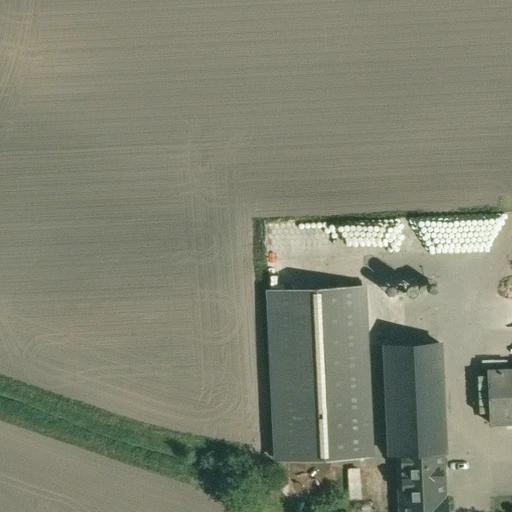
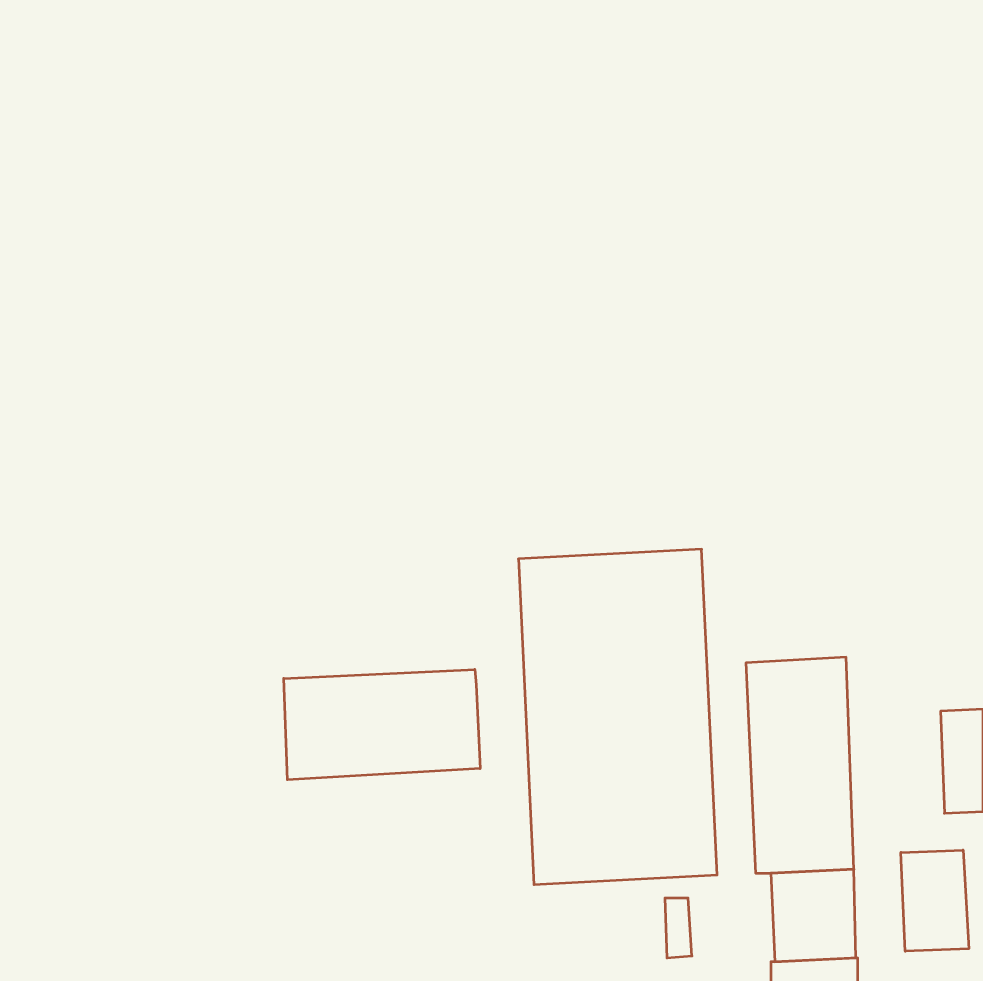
building: none -> [284,669,480,780]
building: none -> [901,850,969,951]

